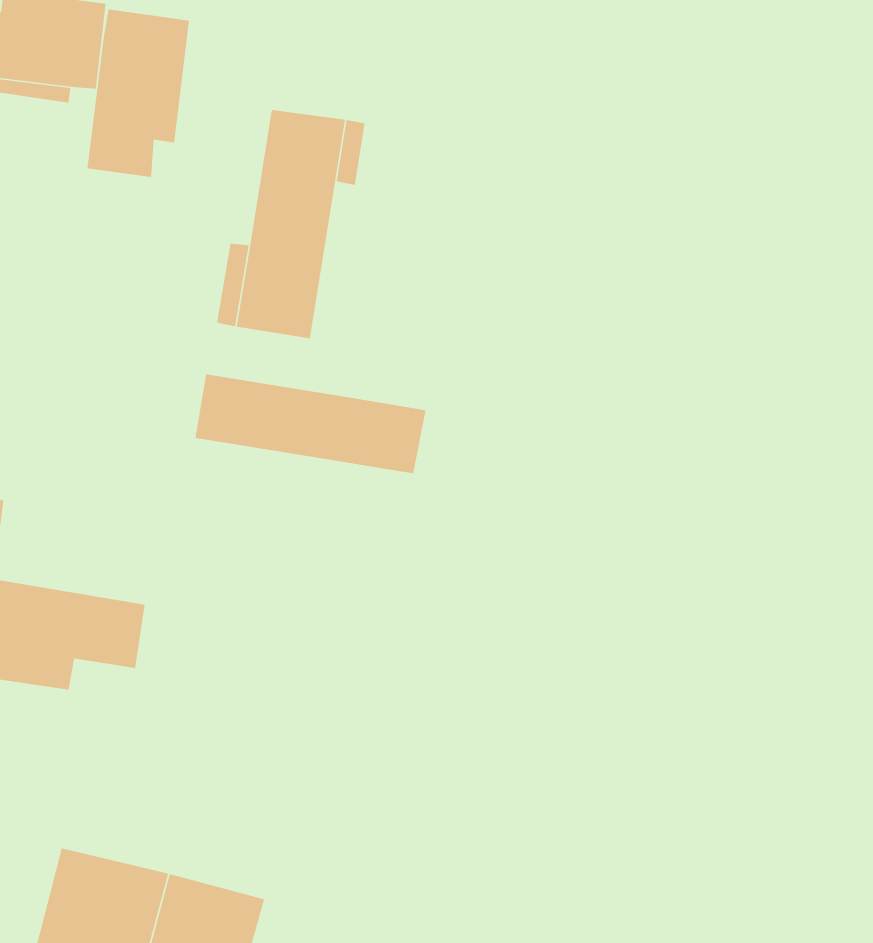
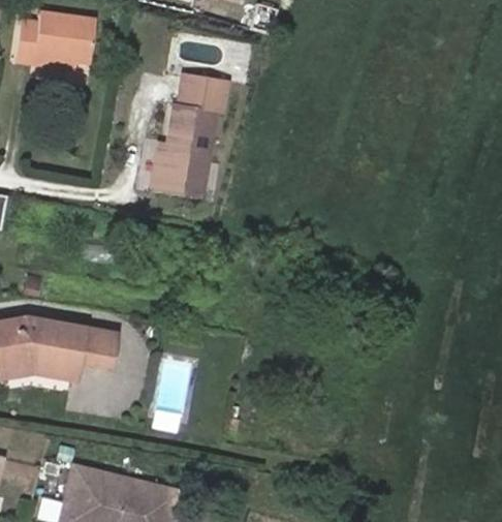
building: [87,9,190,178] -> none
building: [195,374,427,474] -> none

